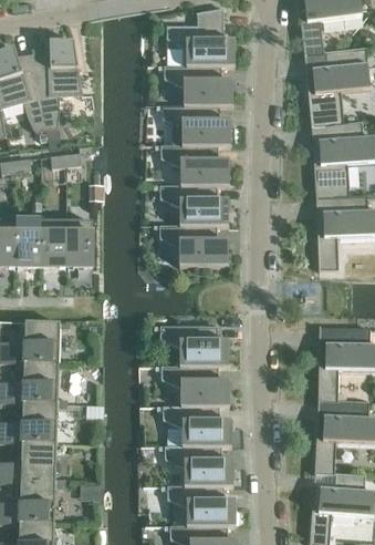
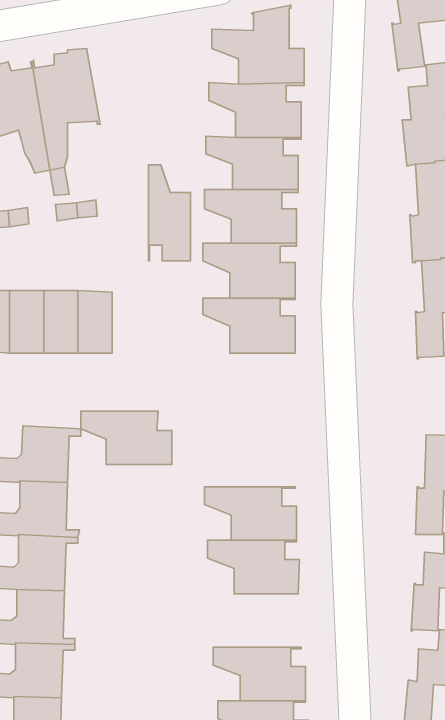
building: none -> [148,165,191,261]
building: [160,327,228,367] -> [81,411,172,465]
building: [165,446,232,486] -> none

